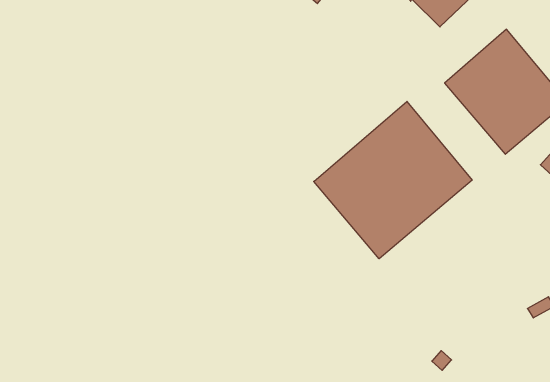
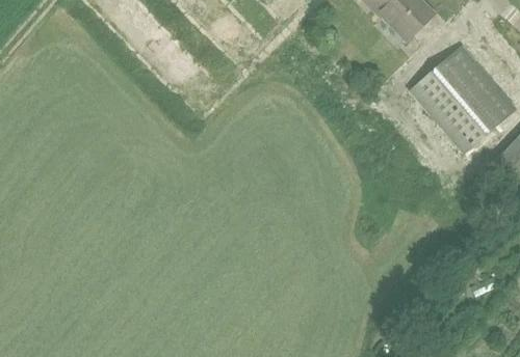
building: [314,101,472,259] -> none

